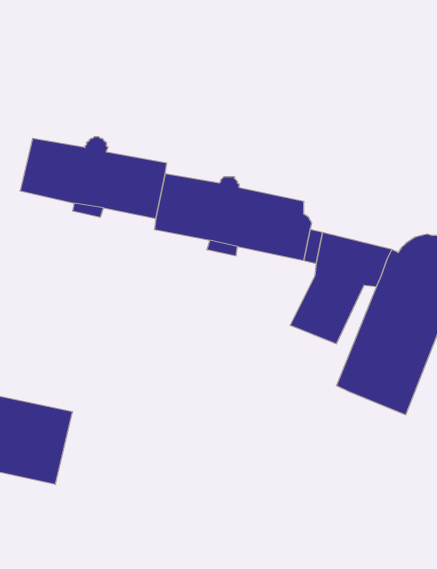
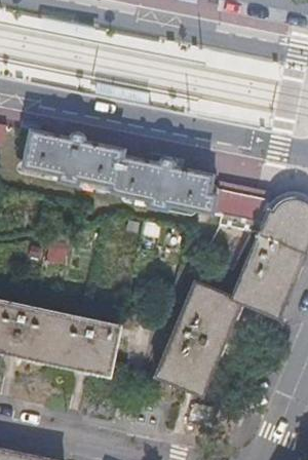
building: none -> [156,281,242,395]
building: none -> [47,314,119,376]

